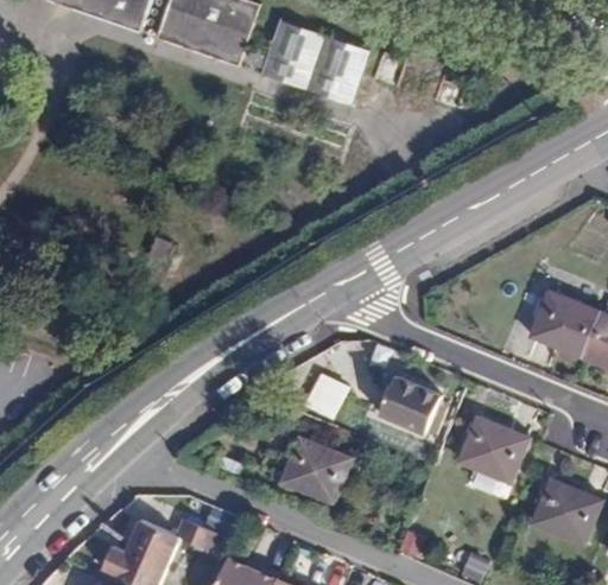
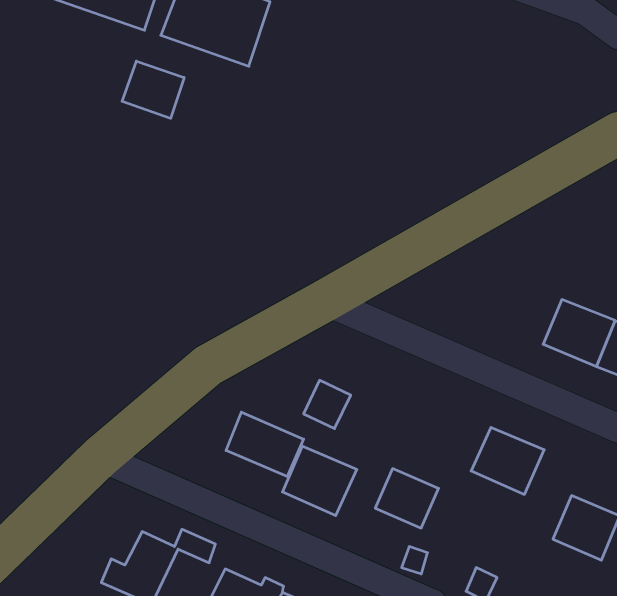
building: [254,19,366,103] -> none
building: none -> [122,61,184,118]
building: [379,376,439,433] -> [375,469,439,528]
building: none -> [226,412,304,477]

